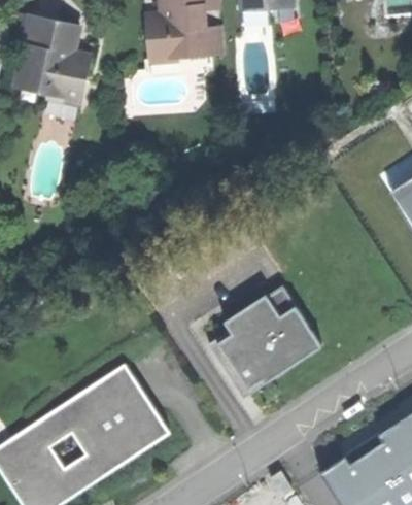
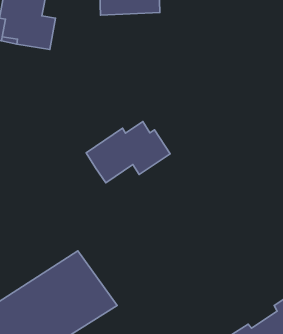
building: none -> [86,121,170,183]
building: [208,281,319,392] -> none

